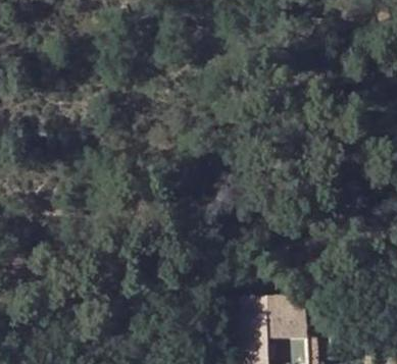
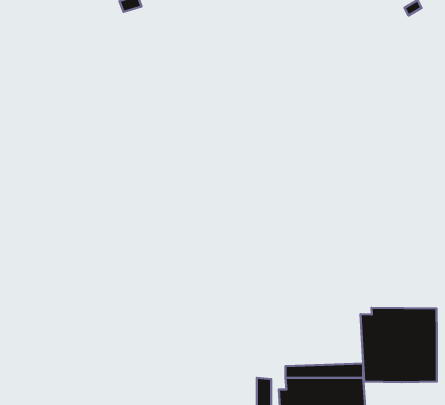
building: none -> [360,308,437,382]

